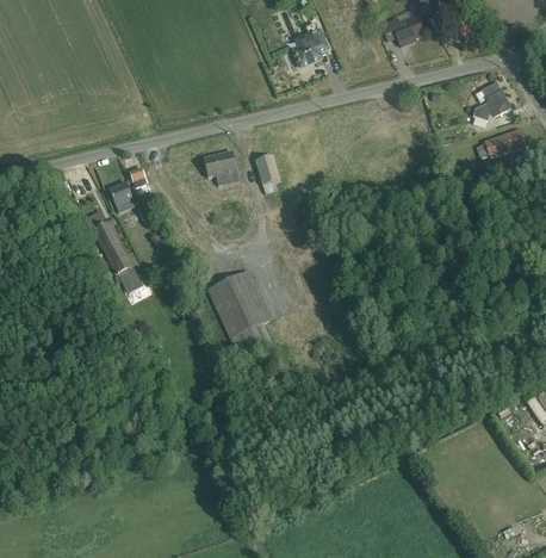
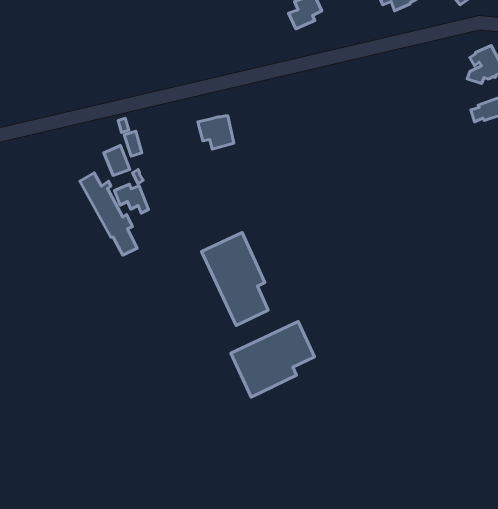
building: [255,155,279,193] -> none
building: none -> [114,184,149,213]
building: none -> [231,321,314,397]

